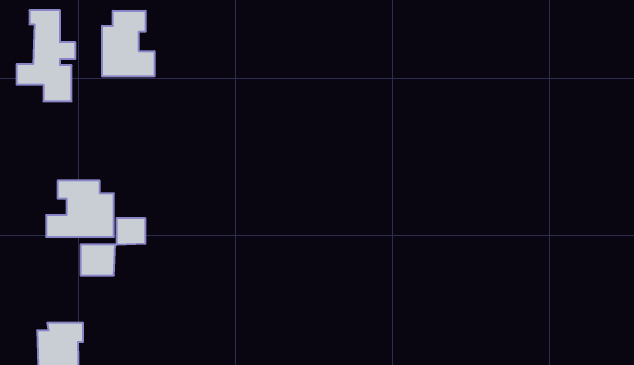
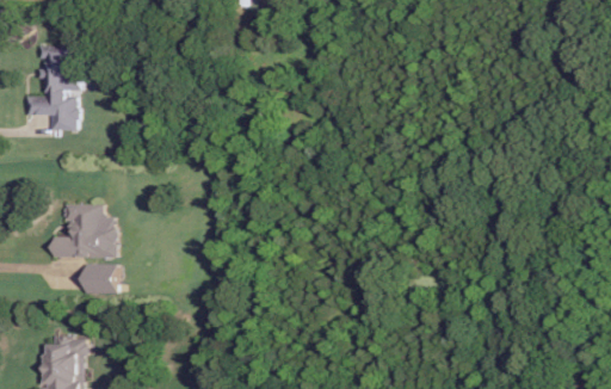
building: [102,11,154,76] -> none
building: [117,218,145,245] -> none

